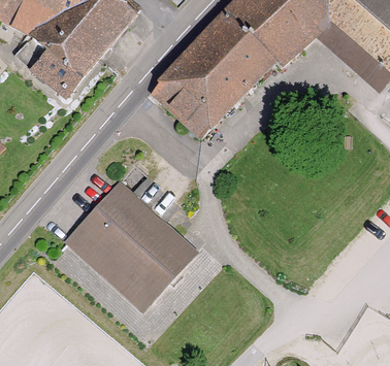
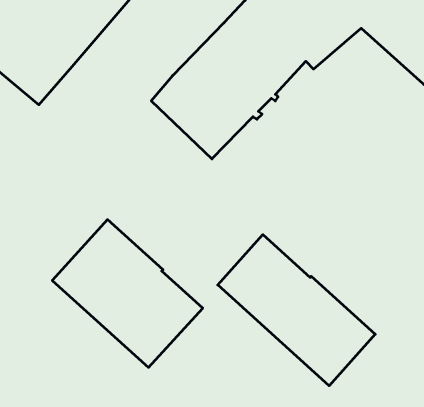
building: none -> [218,235,375,386]

